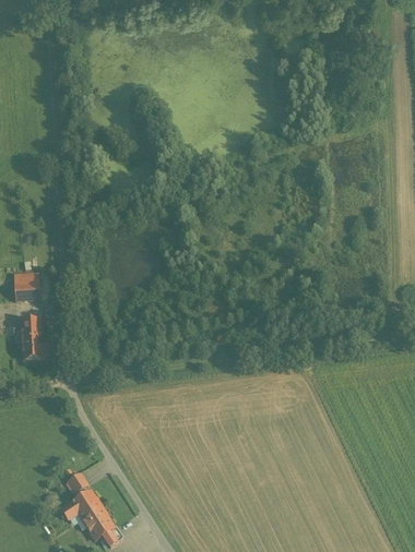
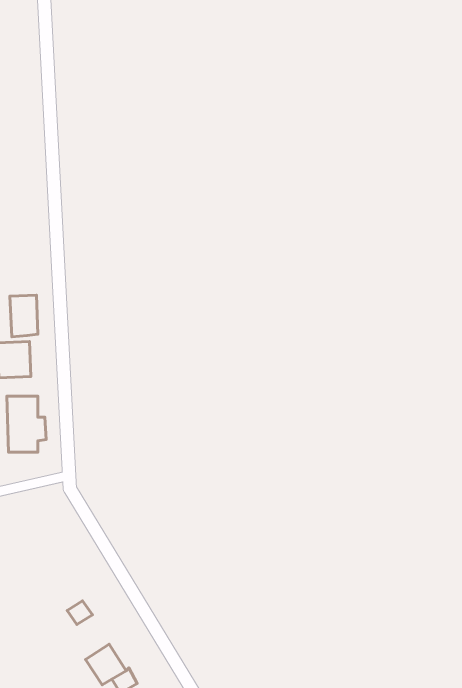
building: none -> [10,295,38,337]
building: [71,491,100,519] -> none

